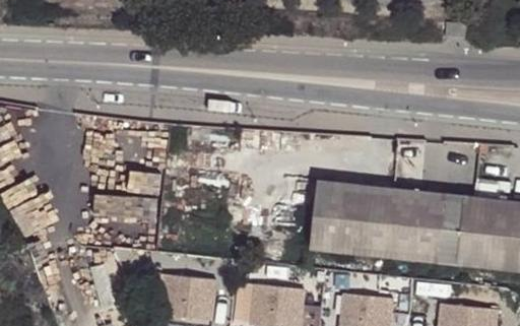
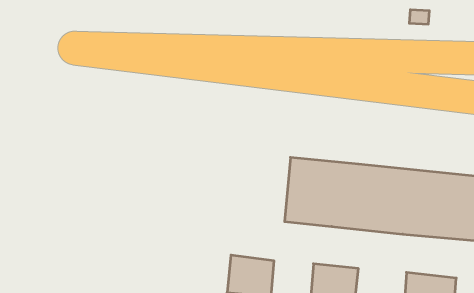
building: [162,277,213,320] -> none

